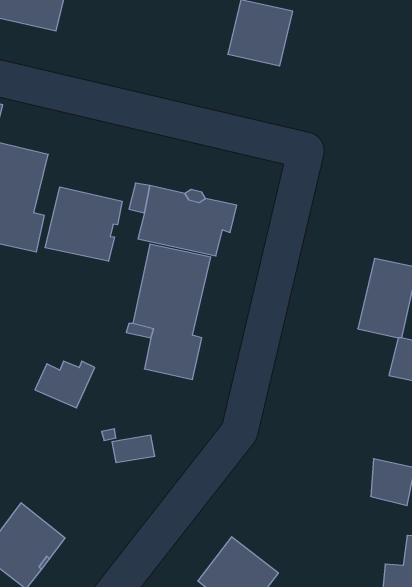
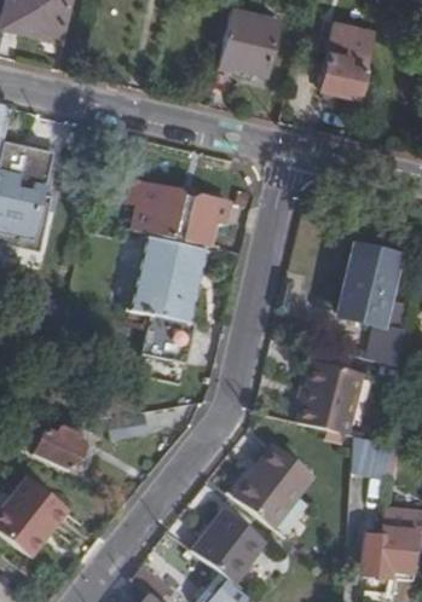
building: none -> [320,21,376,94]
building: [45,187,122,261] -> none
building: [35,361,95,408] -> [35,427,91,470]
building: none -> [300,360,364,434]
building: none -> [235,444,314,527]

